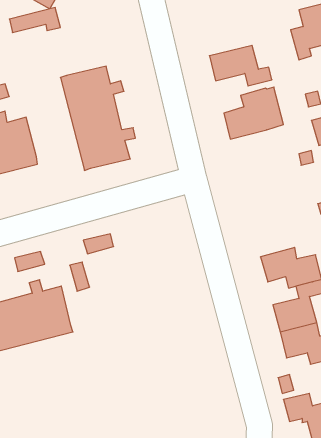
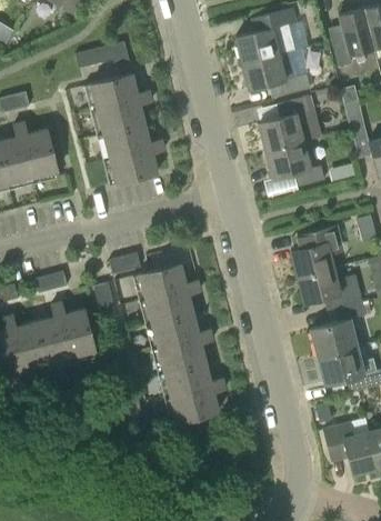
building: none -> [237,8,294,62]
building: [9,8,60,33] -> [76,41,130,68]
building: none -> [265,141,324,186]
building: none -> [291,226,342,277]
building: none -> [133,262,225,423]

